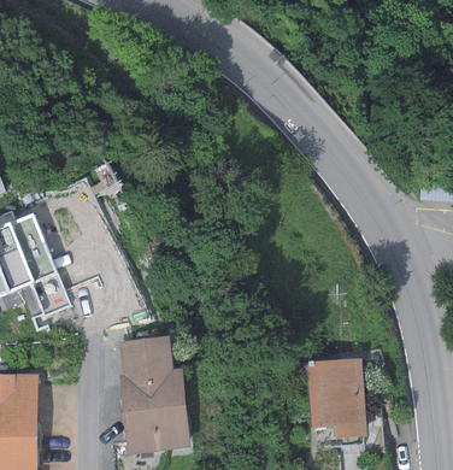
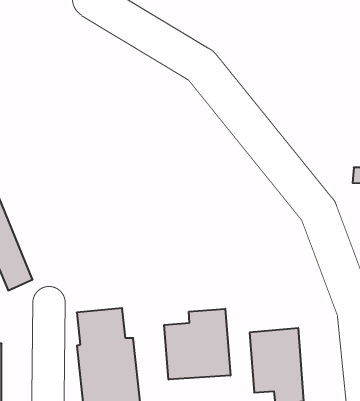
building: none -> [164,309,230,380]

